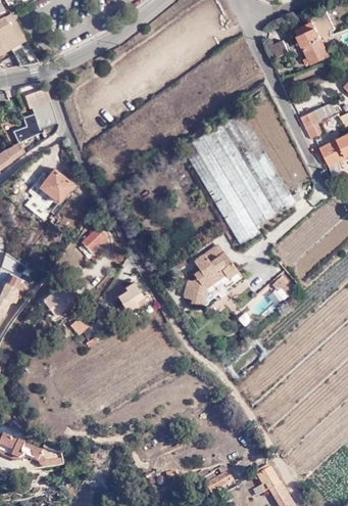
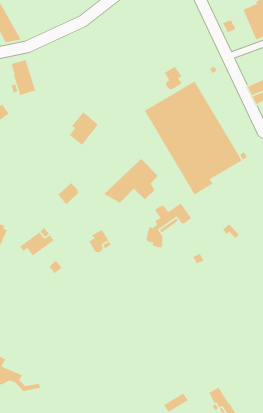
building: none -> [164,66,183,91]
building: [37,170,71,210] -> [69,111,99,146]
building: none -> [103,158,158,204]

